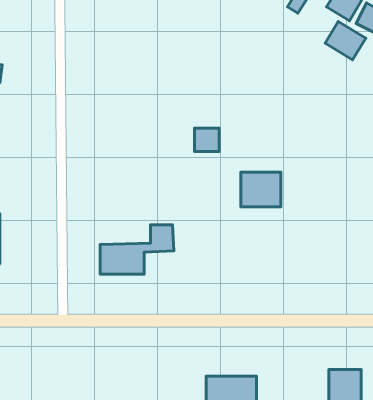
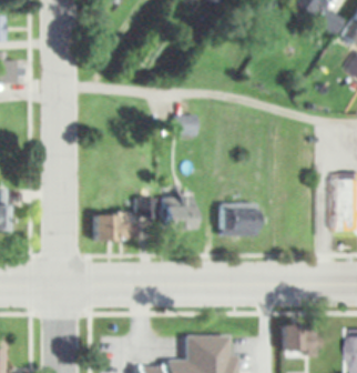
building: [325,21,366,60] -> none
building: [241,172,281,207] -> [221,202,255,232]
building: none -> [162,195,191,231]

